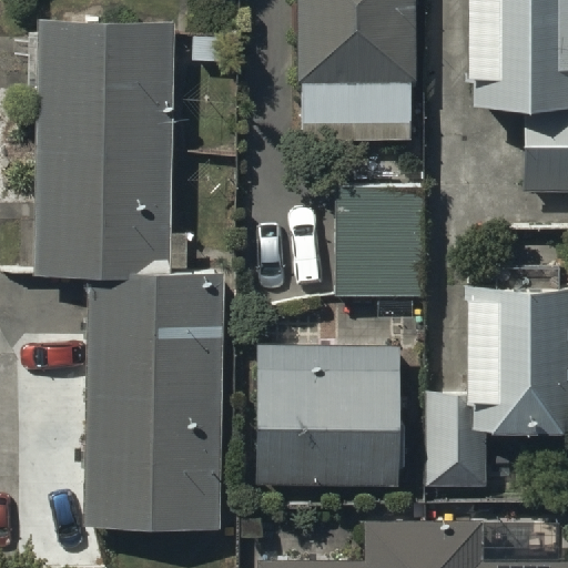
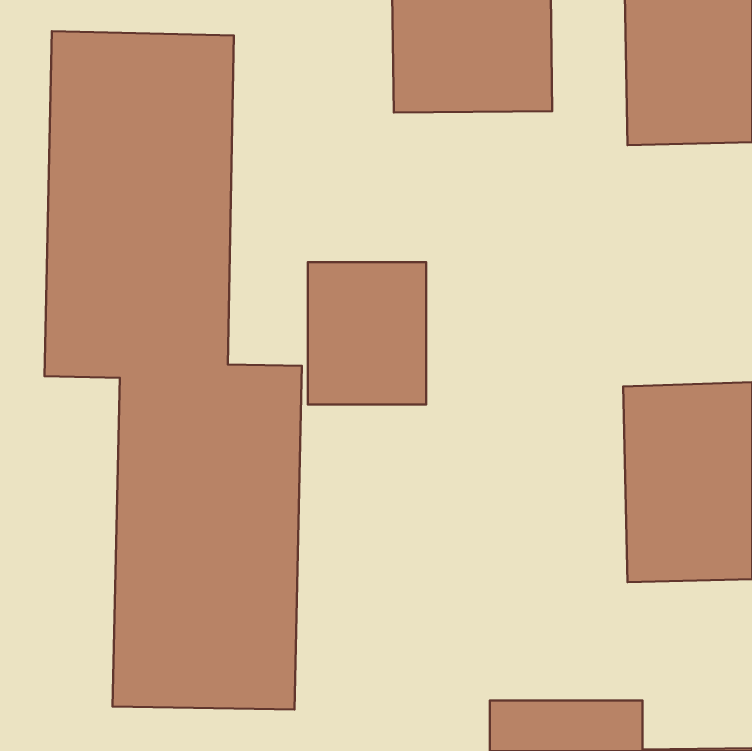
building: [328,189,417,295] -> [308,262,426,404]
building: [257,344,400,487] -> none

